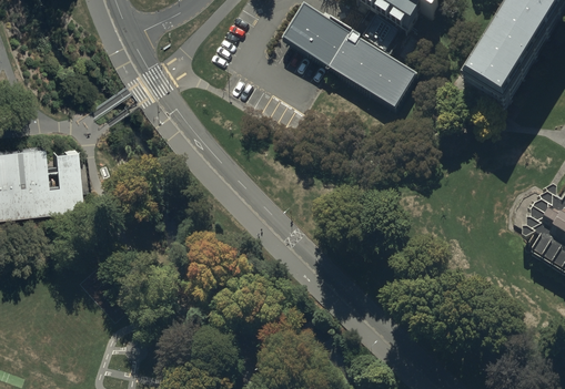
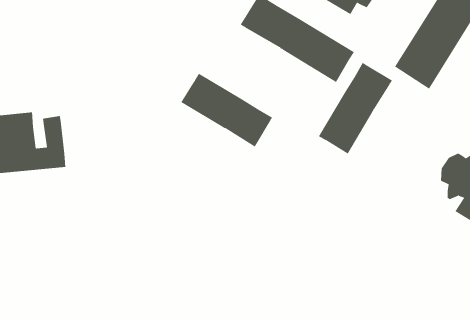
building: none -> [318,62,393,154]
building: none -> [181,73,273,147]

